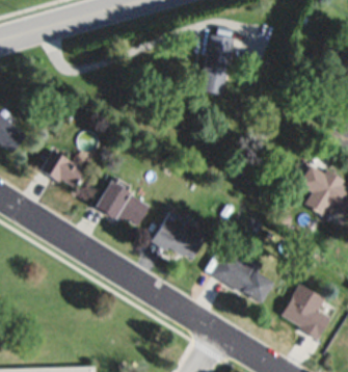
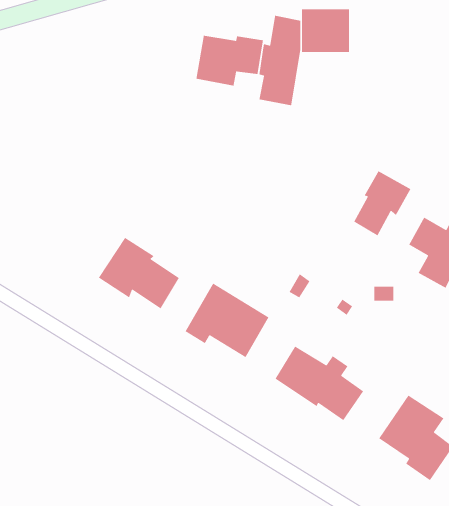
building: none -> [195,35,264,87]
building: none -> [353,170,412,237]
building: [41,150,86,188] -> none

